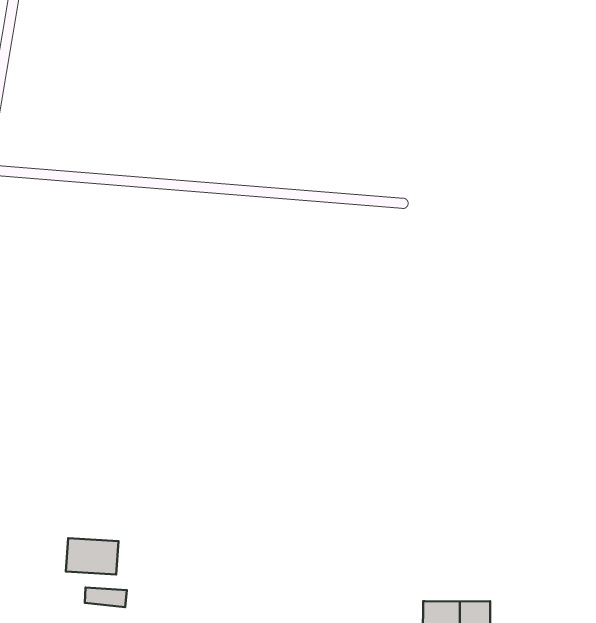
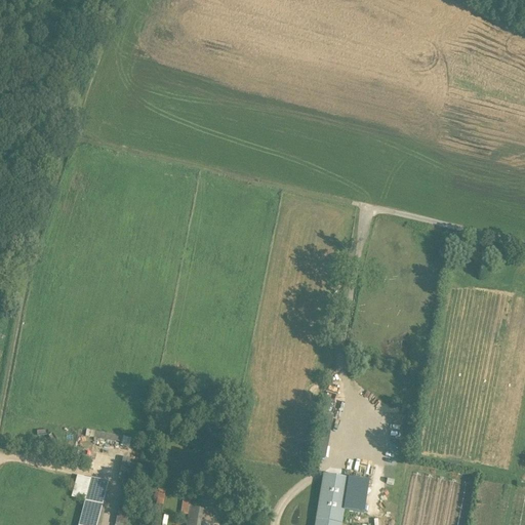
building: [66,538,118,574] -> none

